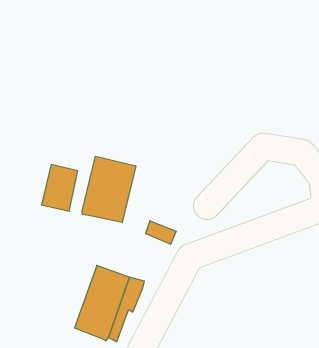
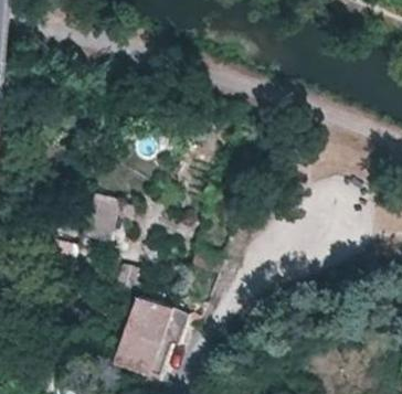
building: [82,156,136,223] -> none

